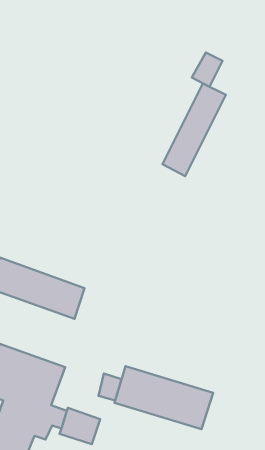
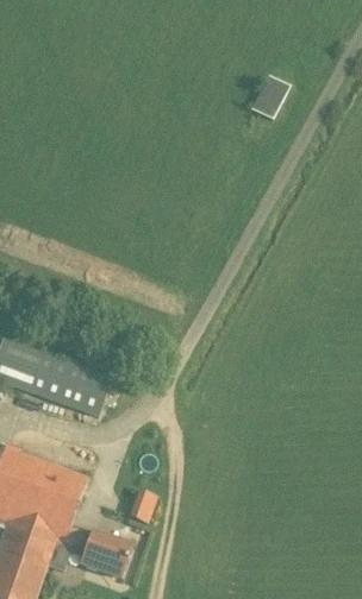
building: [163,83,226,176] -> none
building: [115,366,213,429] -> none

